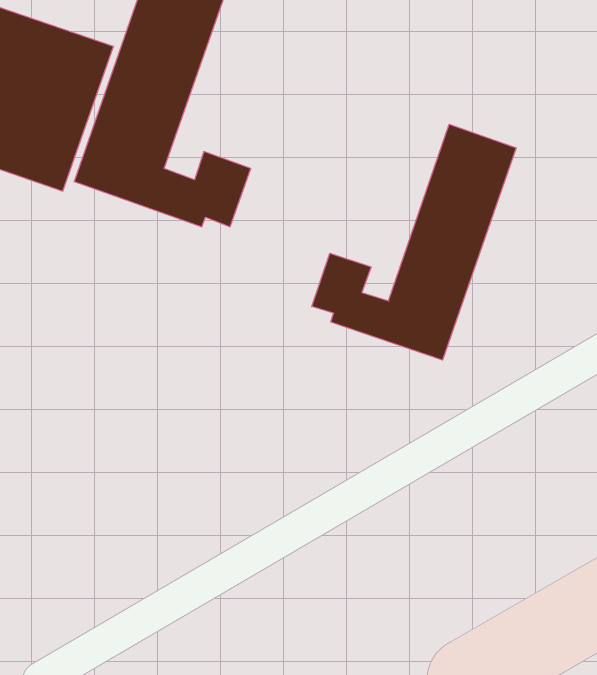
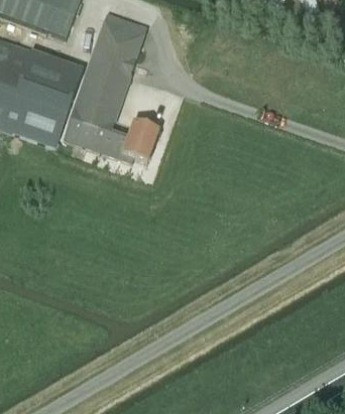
building: [312,124,516,360] -> none

